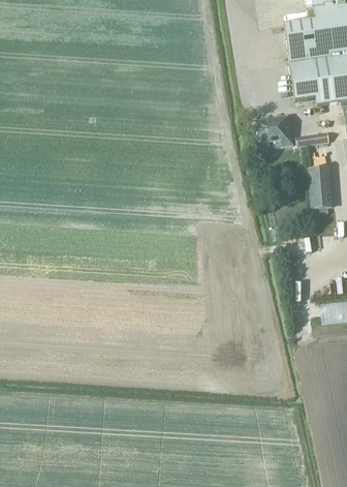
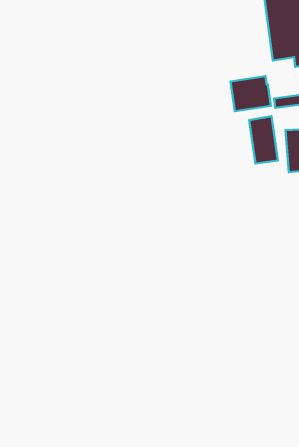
building: none -> [249,116,278,163]

